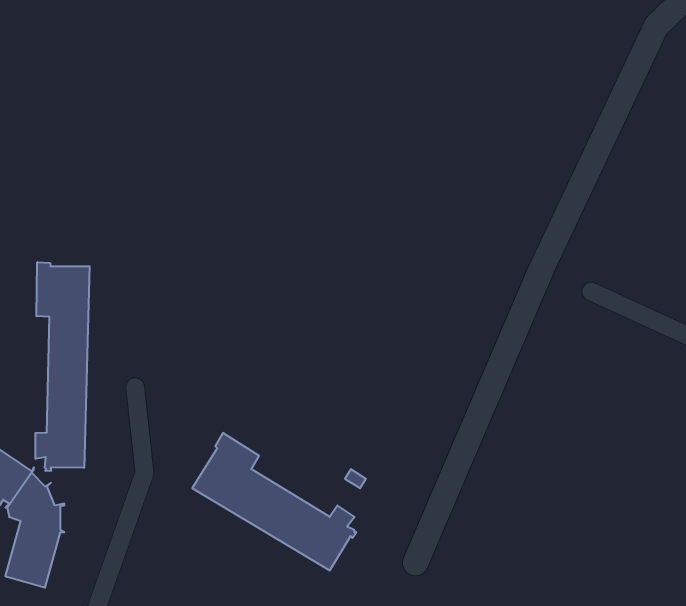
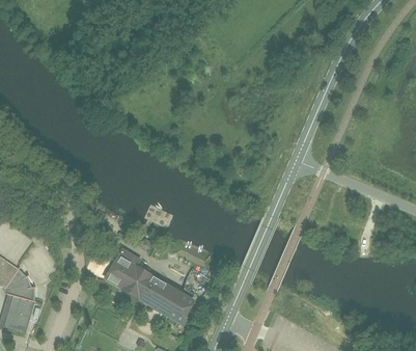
building: [35,262,90,471] -> none

